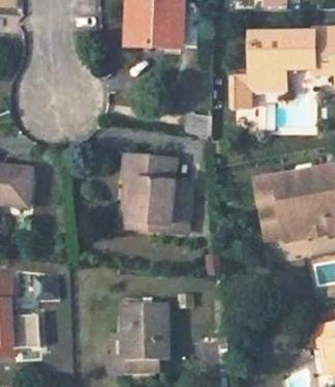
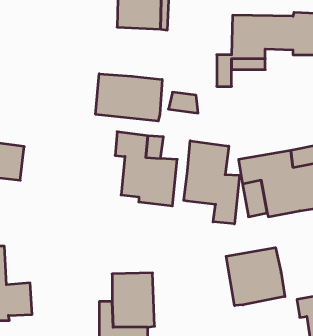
building: none -> [96,74,162,121]
building: none -> [184,141,240,224]
building: none -> [226,248,285,306]

